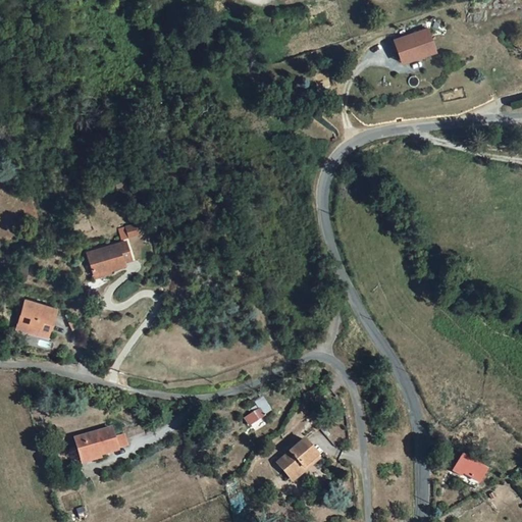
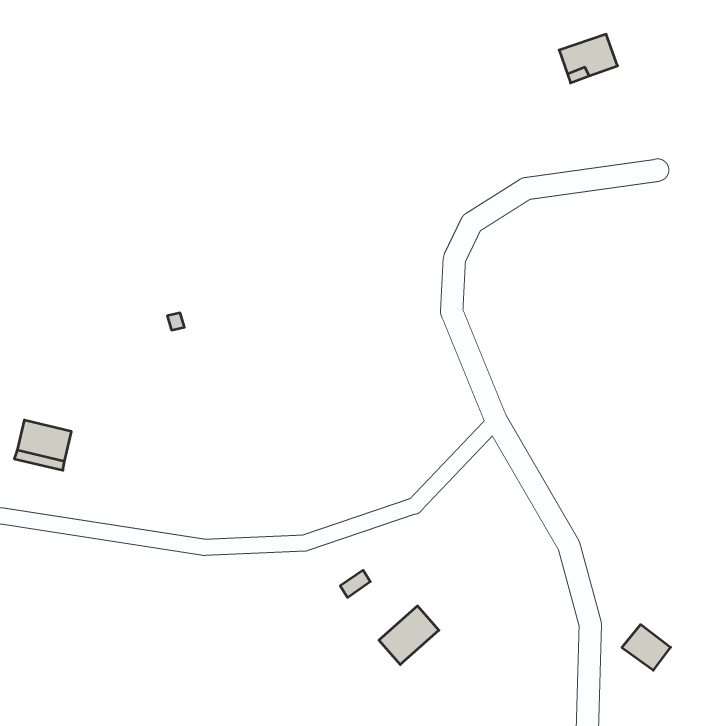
building: [86,244,129,275] -> none
building: [73,425,115,456] -> none

